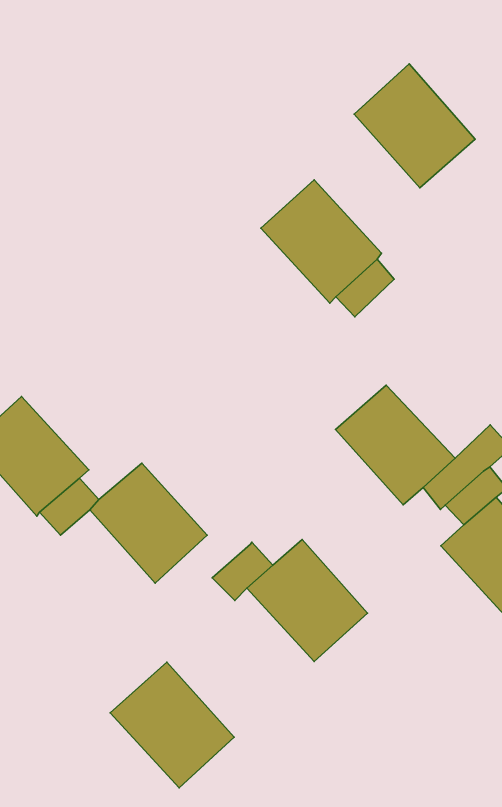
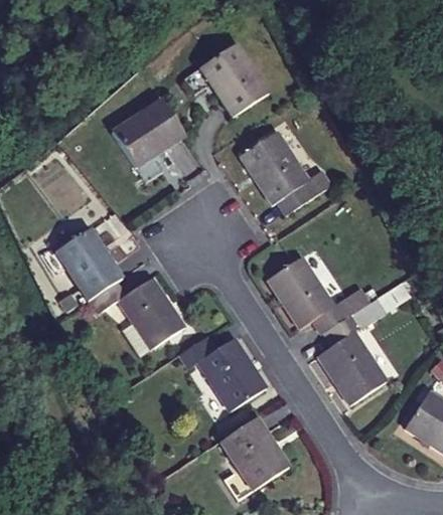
building: [354,64,475,188] -> [202,46,270,119]
building: none -> [115,101,186,169]
building: [110,662,234,788] -> [223,415,292,489]

